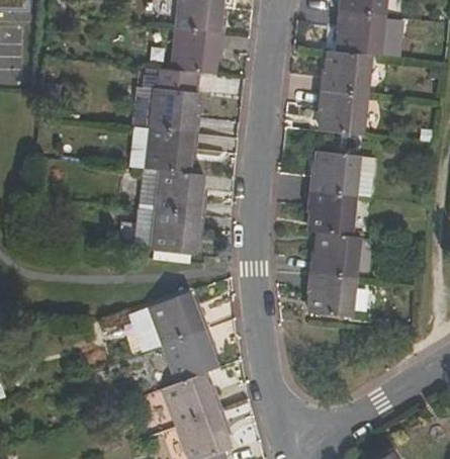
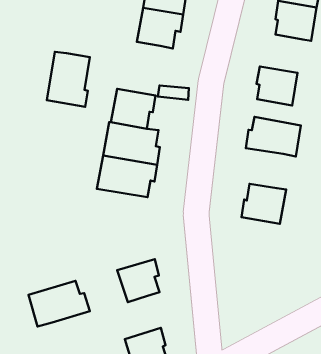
building: [321,51,370,95] -> none
building: [151,69,199,132] -> [47,52,90,107]
building: [307,189,355,235] -> none
building: [306,272,356,317] -> none
building: [133,293,208,351] -> [28,281,90,327]
building: [163,373,220,427] -> none

